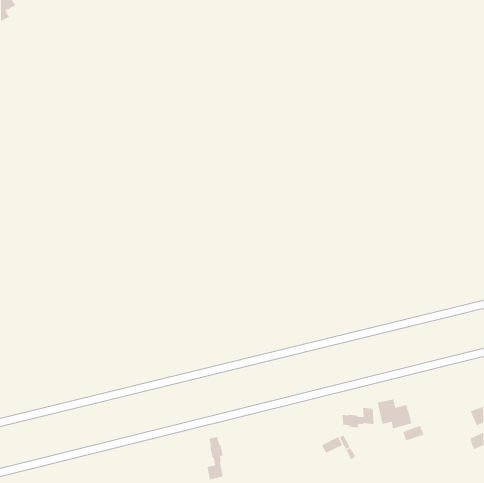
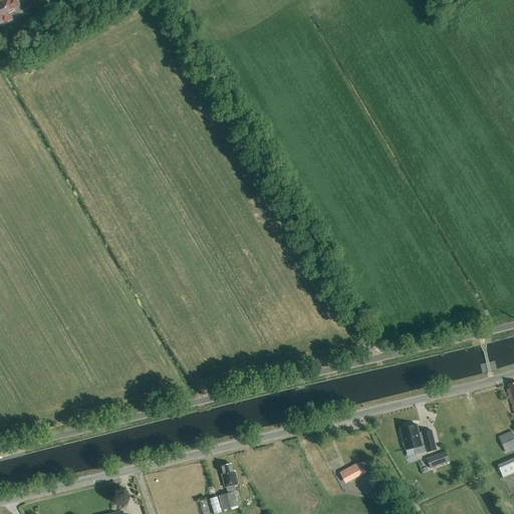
building: [342,407,374,428] -> none

